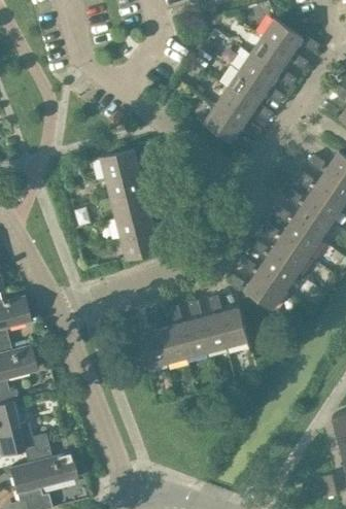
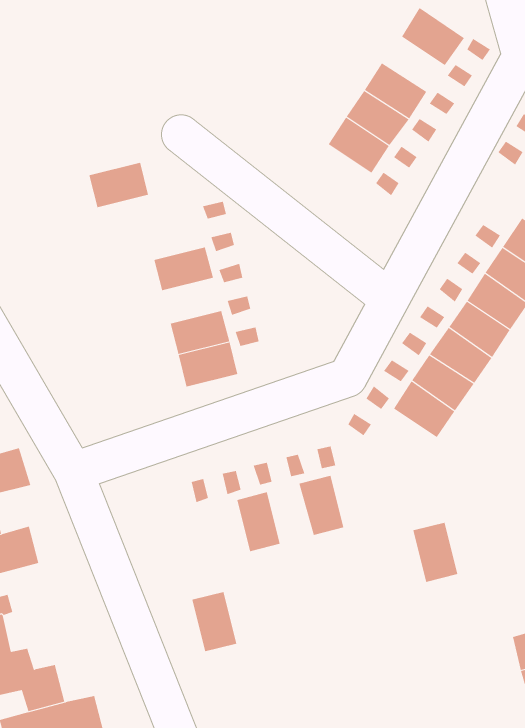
building: [250,37,290,72] -> none
building: [204,105,244,141] -> none
building: [101,149,139,178] -> [89,162,149,208]
building: [111,190,149,218] -> none
building: [245,272,285,309] -> none
building: [218,309,247,347] -> [413,522,458,582]
building: [178,319,207,358] -> none
building: [138,330,167,368] -> [192,591,237,652]

